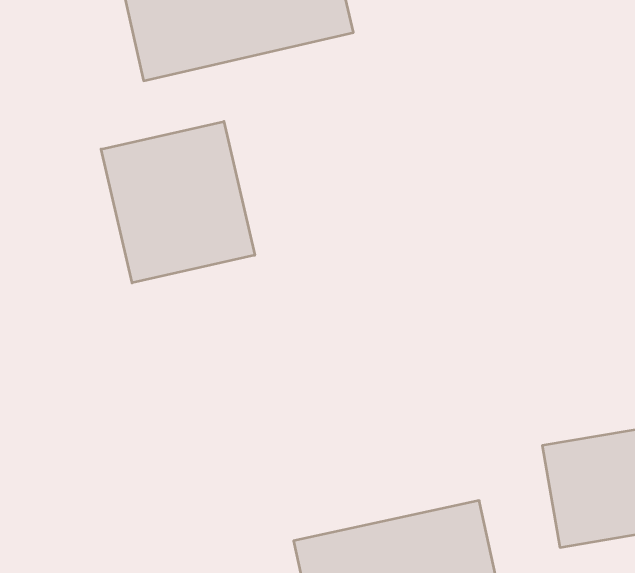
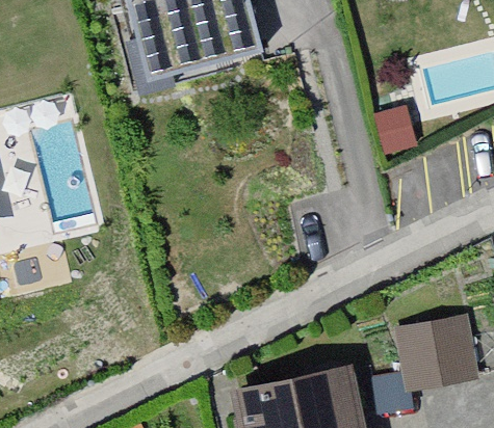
building: [101,121,255,283] -> none

